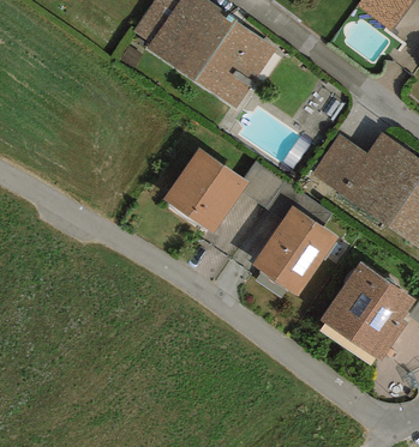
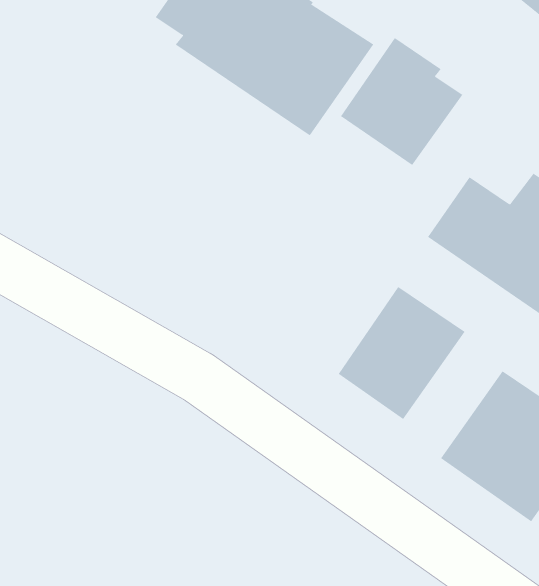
building: none -> [340,37,463,166]
building: [163,149,247,232] -> none

